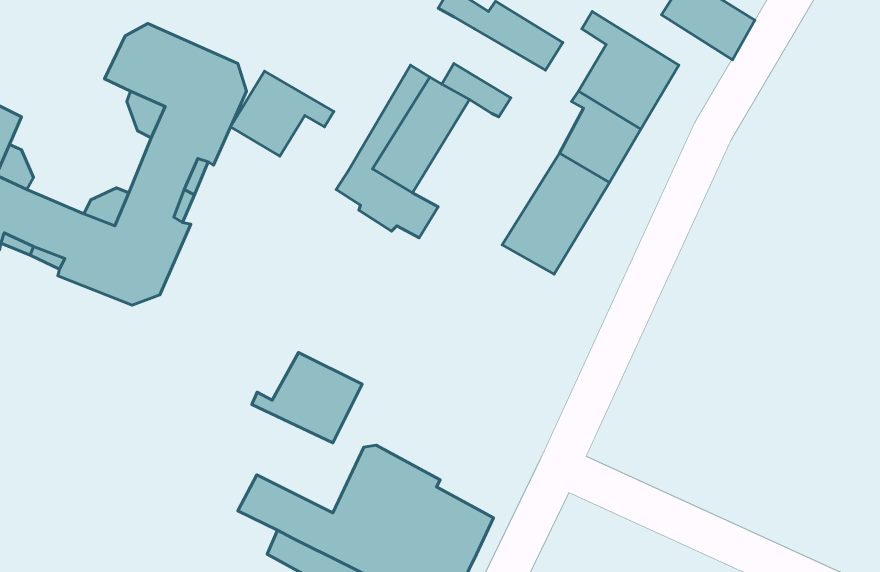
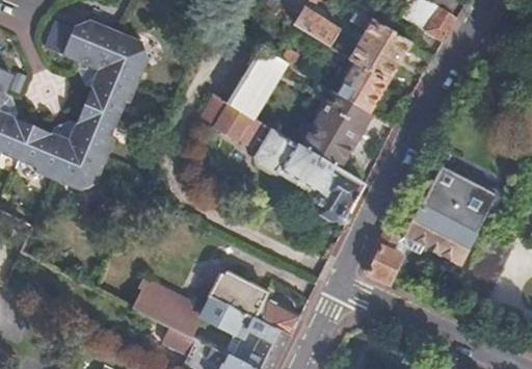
building: [231,71,334,156] -> none
building: none -> [258,134,363,216]
building: none -> [364,165,496,283]
building: [252,353,362,443] -> none

